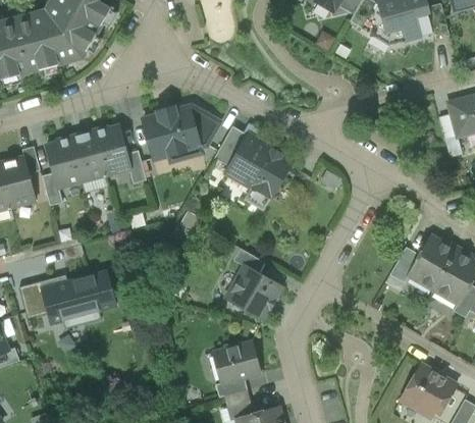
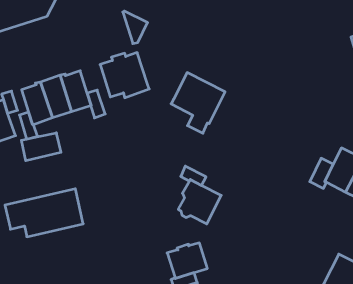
building: [189,106,218,146] -> [123,11,148,44]
building: [214,125,248,166] -> none
building: none -> [21,133,61,161]

